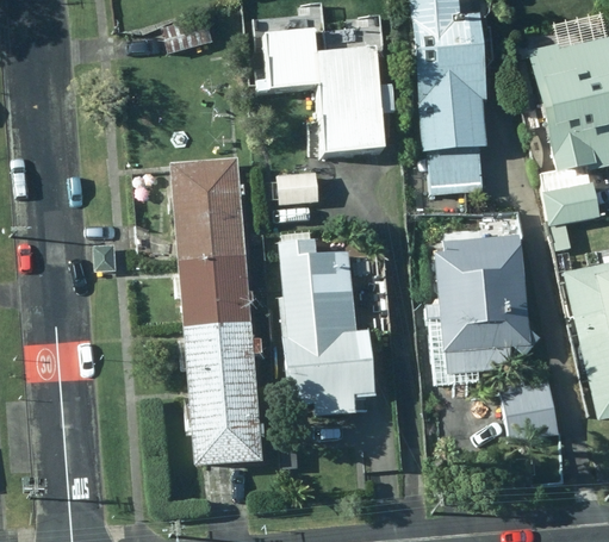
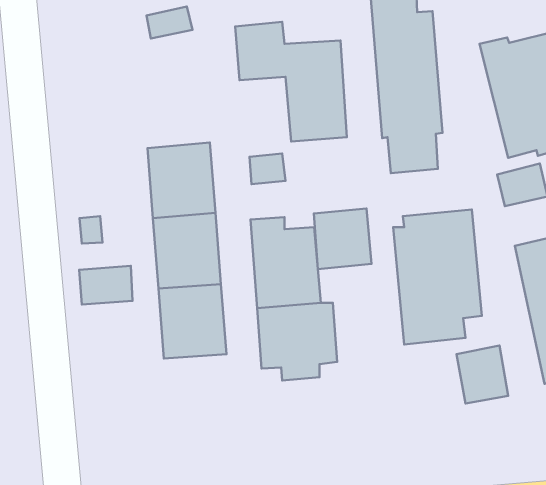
building: none -> [314,208,371,269]
building: none -> [79,266,132,305]
building: [185,387,259,468] -> none

